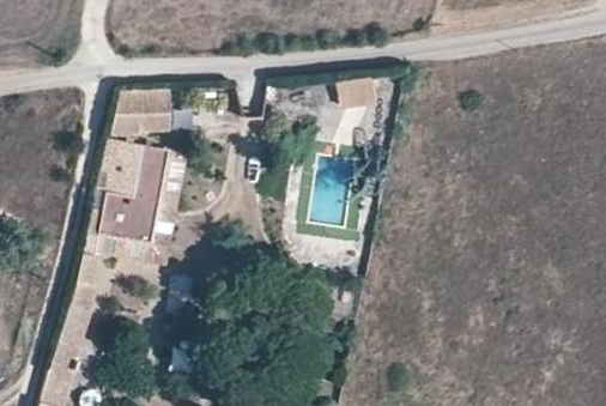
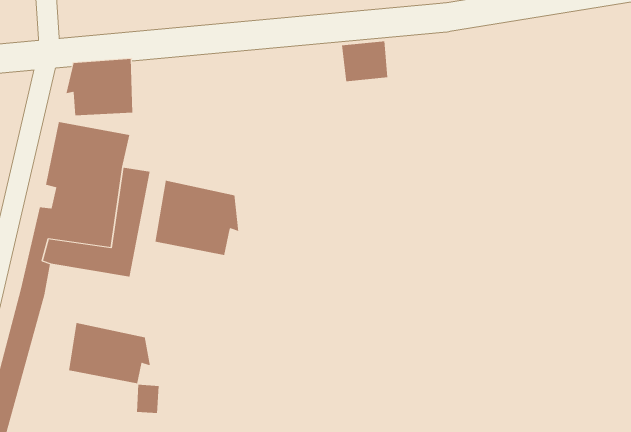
building: none -> [155,180,239,256]
building: none -> [68,322,150,384]

